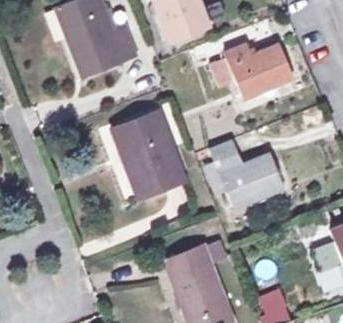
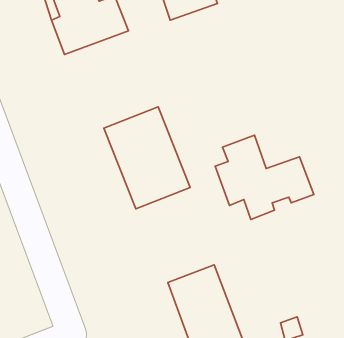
building: [210,41,295,96] -> none

